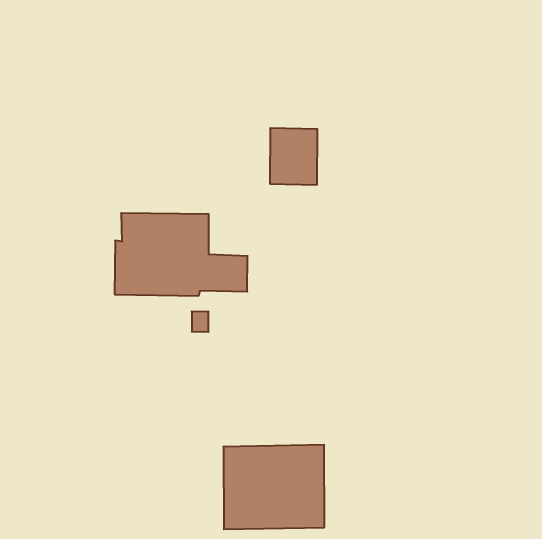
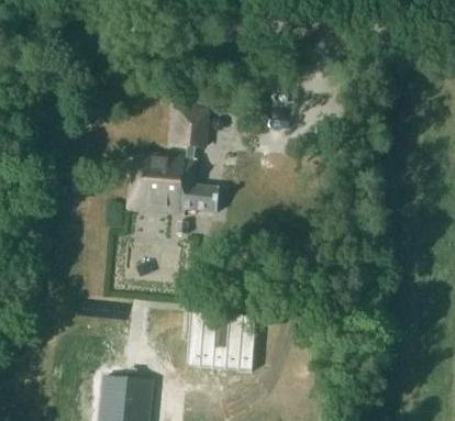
building: [270,128,317,185] -> [174,107,208,146]

